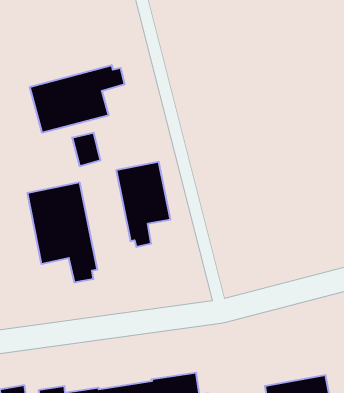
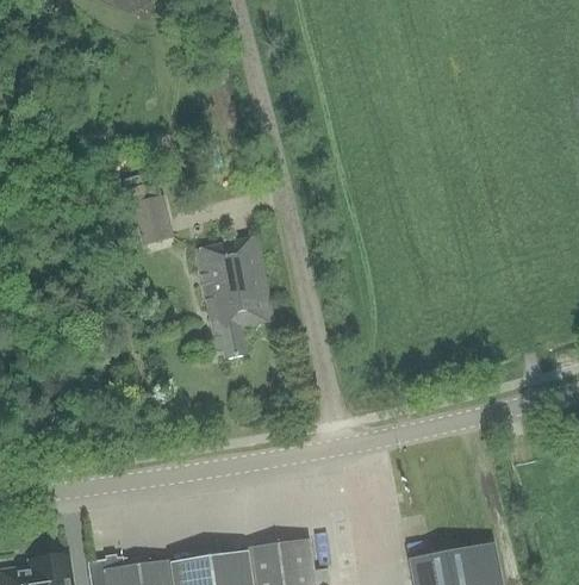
building: [30,65,125,133] -> none
building: [27,182,97,283] -> none

